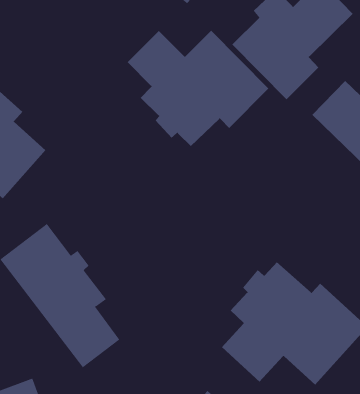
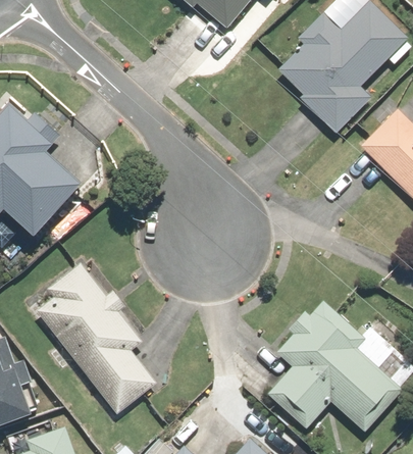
building: [127,30,269,147] -> none

